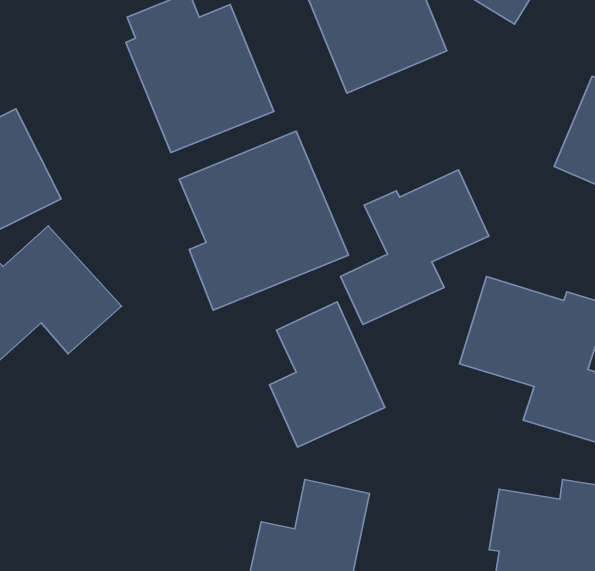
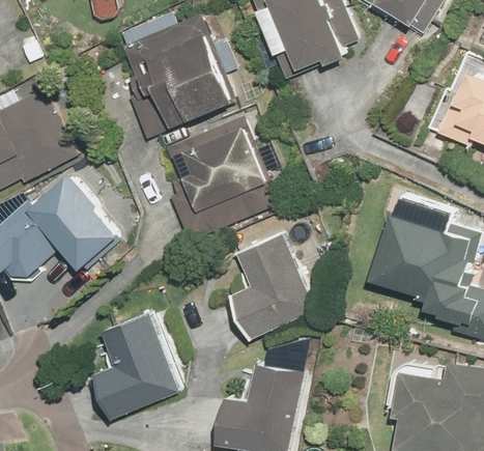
building: [340,170,489,324] -> none
building: none -> [92,314,175,416]

